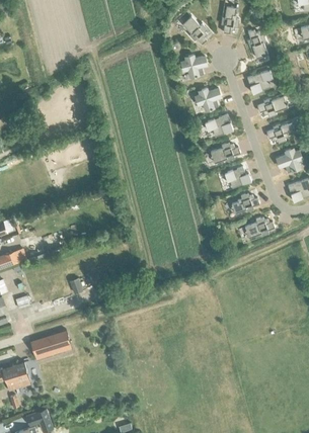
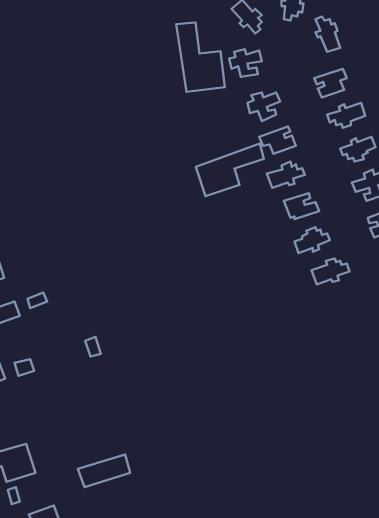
building: none -> [176,22,225,92]
building: none -> [196,144,264,196]
building: [29,329,70,354] -> [78,454,130,487]

